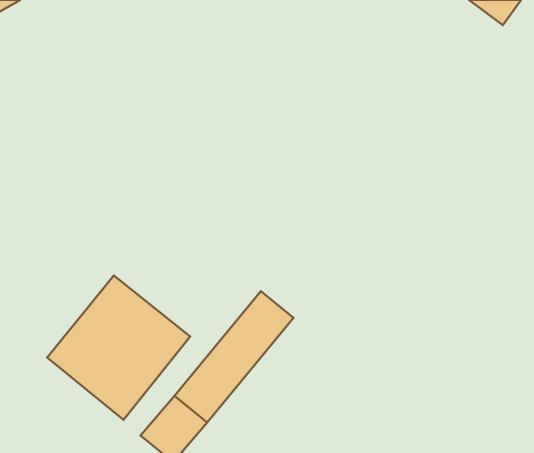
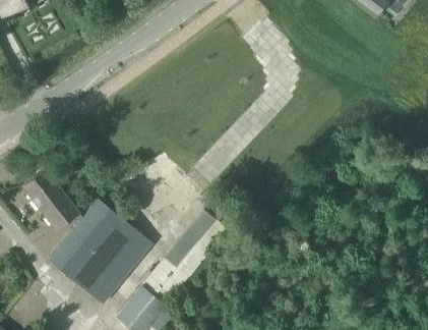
building: none -> [22,168,79,230]

